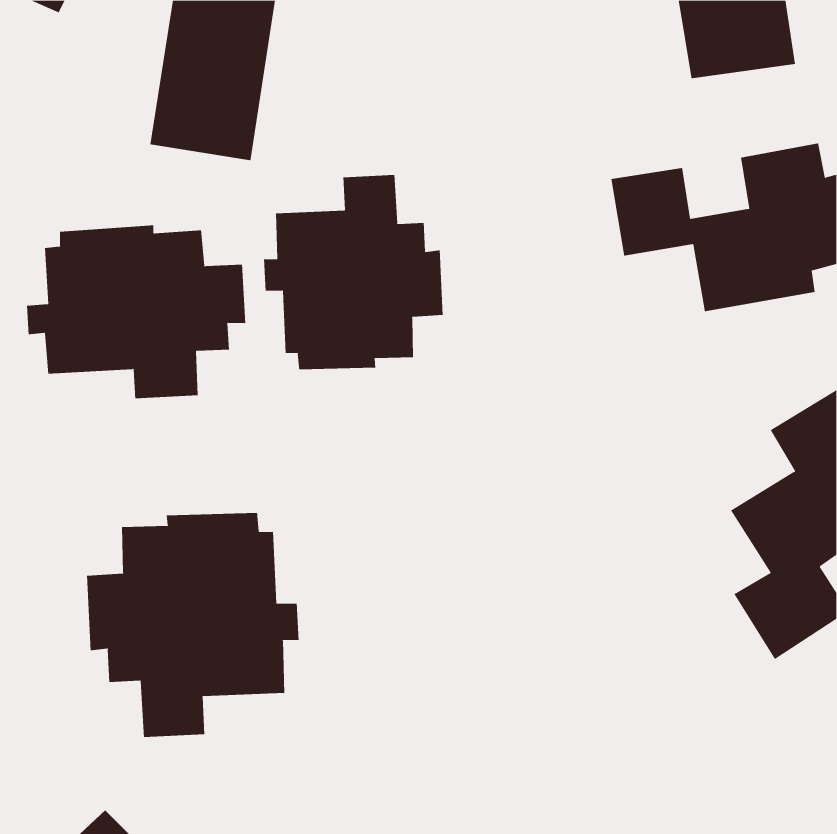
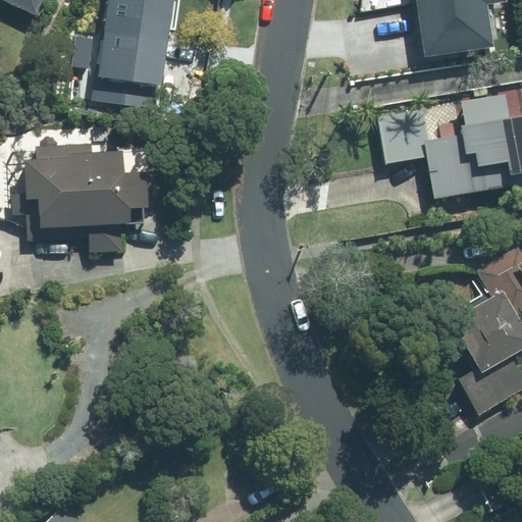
building: [263,174,443,370] -> none
building: [86,512,299,738] -> none

